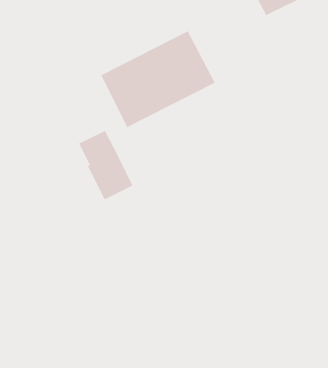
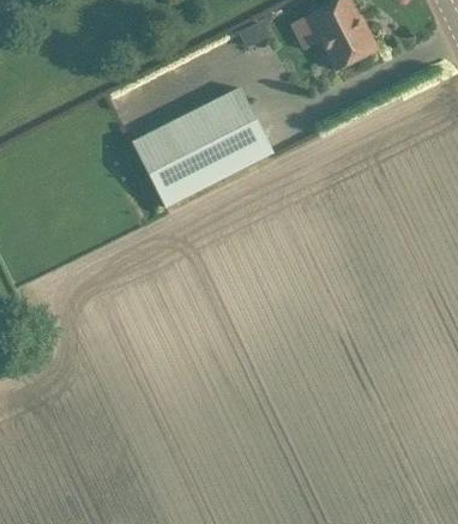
building: [79,130,133,200] -> none

